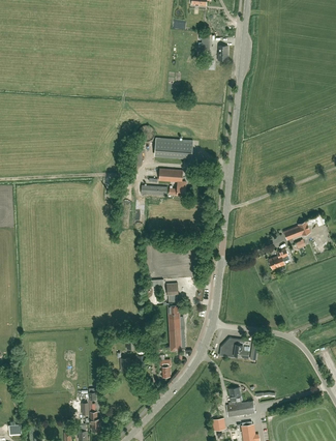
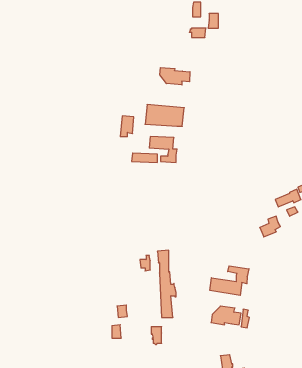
building: none -> [160,68,190,85]
building: none -> [210,266,249,295]

